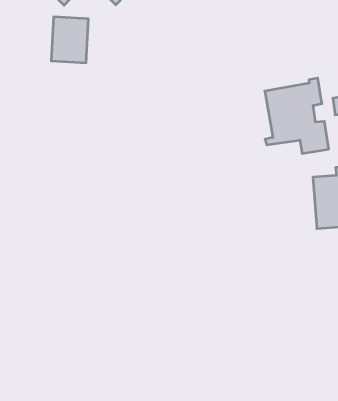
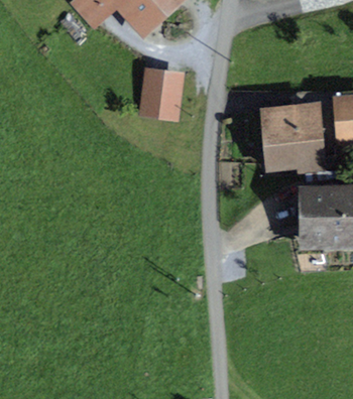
building: [51,17,88,63] -> [141,73,178,116]

